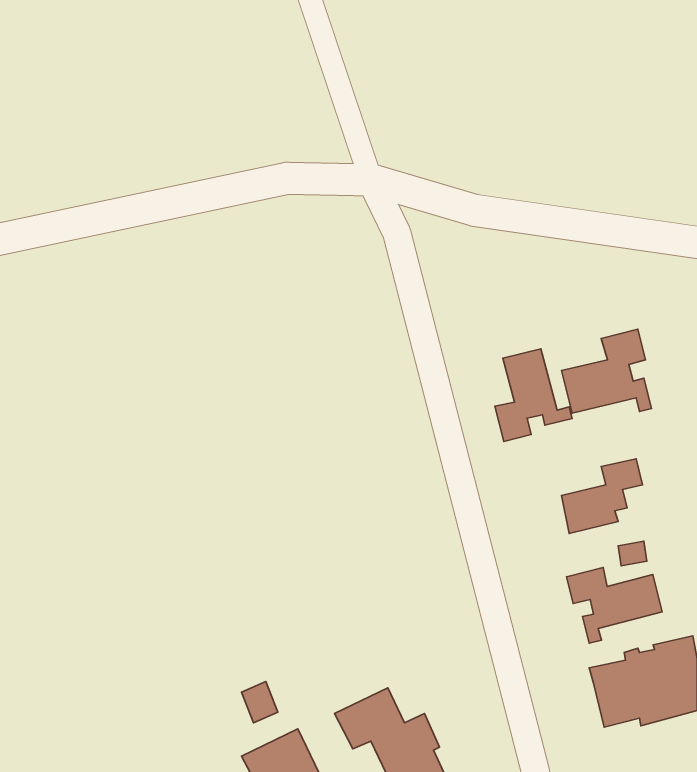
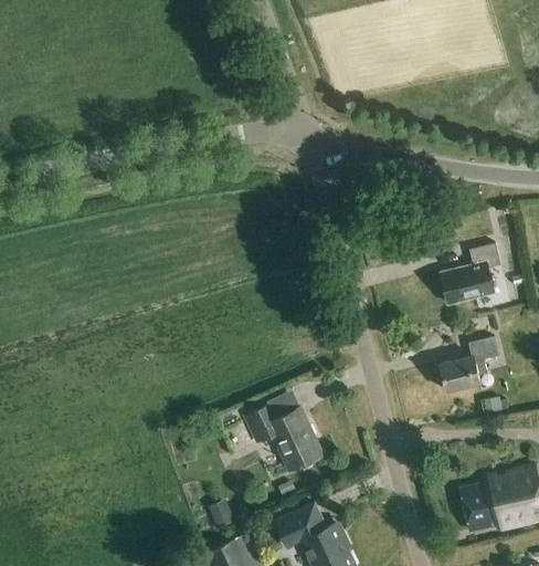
building: [495,349,572,441] -> none
building: none -> [244,405,323,471]
building: [567,568,662,643] -> none

